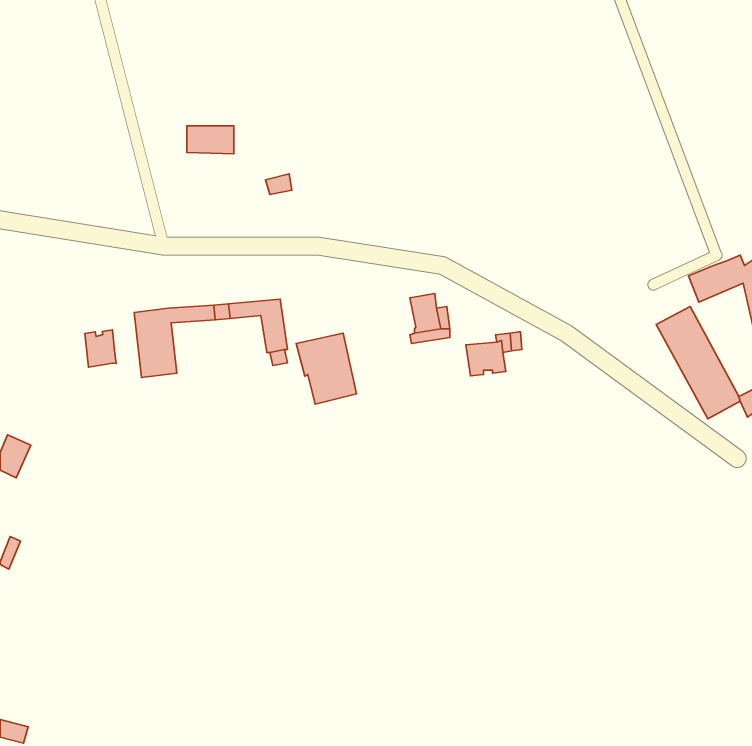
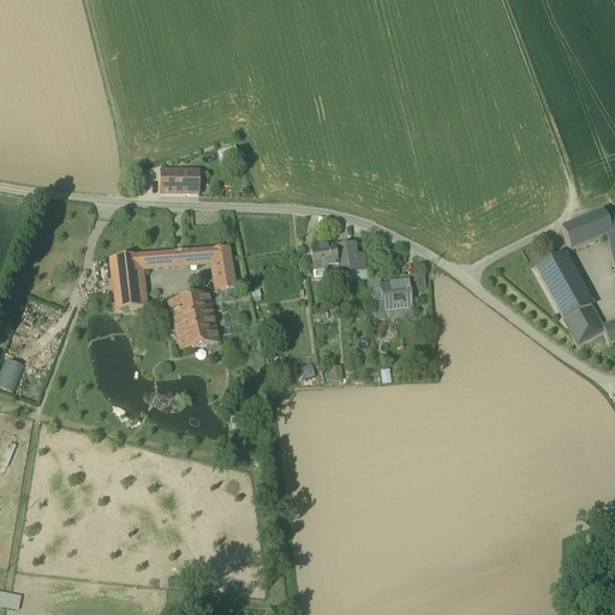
building: [187,126,234,154] -> [161,168,199,191]
building: none -> [311,243,340,269]
building: [85,330,116,367] -> none
building: [296,333,356,404] -> [169,289,219,347]

